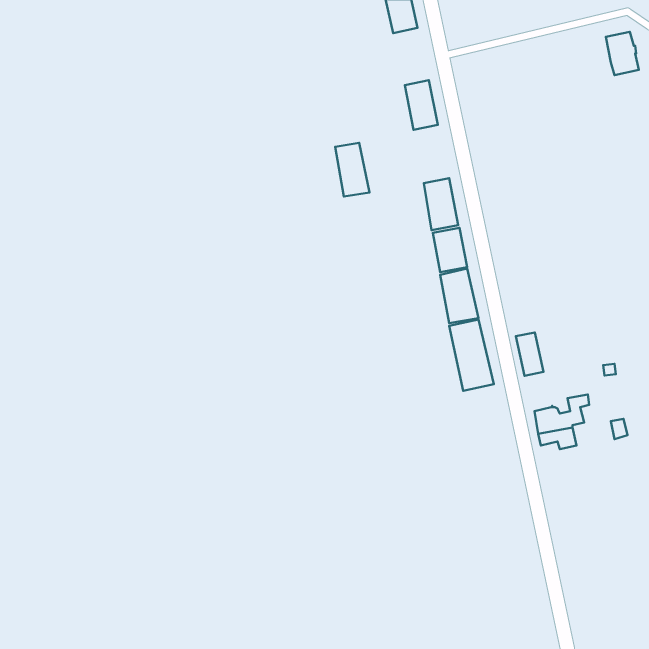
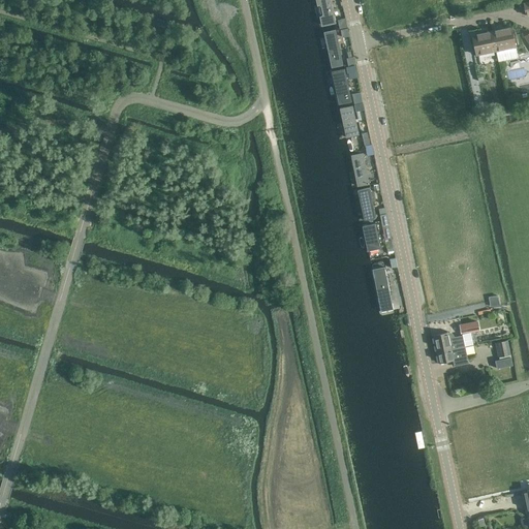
building: none -> [320,24,348,67]
building: none -> [474,30,497,55]
building: [335,143,369,196] -> [337,102,365,146]
building: [516,332,543,376] -> none

